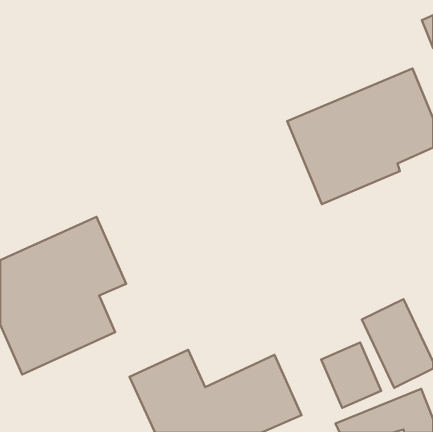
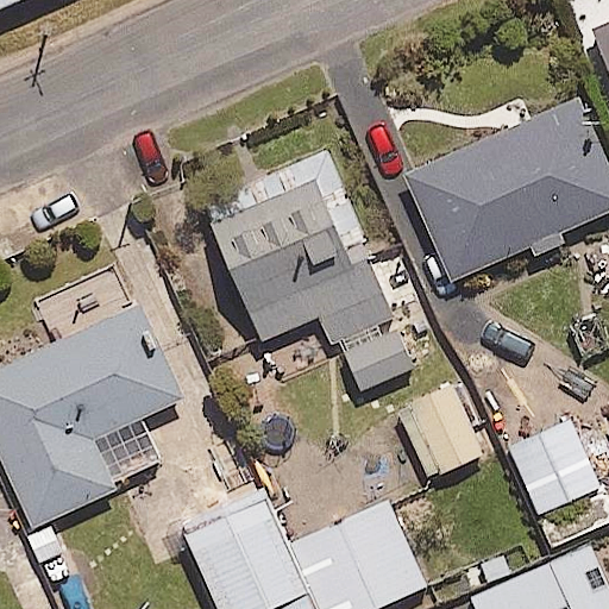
building: none -> [202,155,412,389]
building: [321,343,381,408] -> [398,385,483,477]

